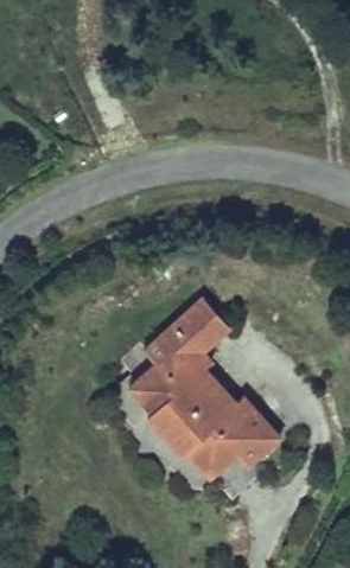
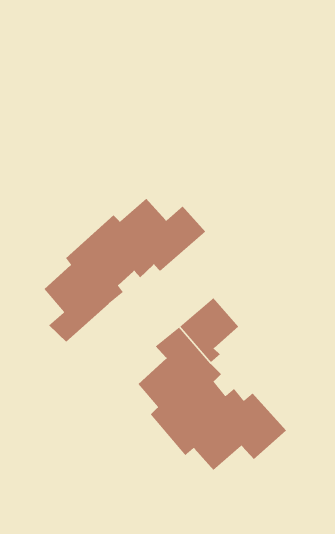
building: none -> [43,198,206,343]

